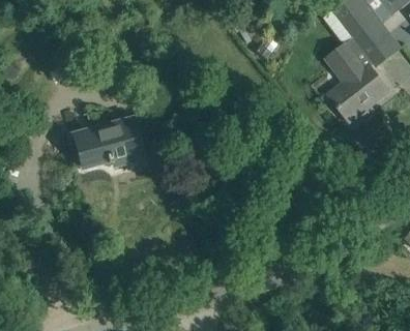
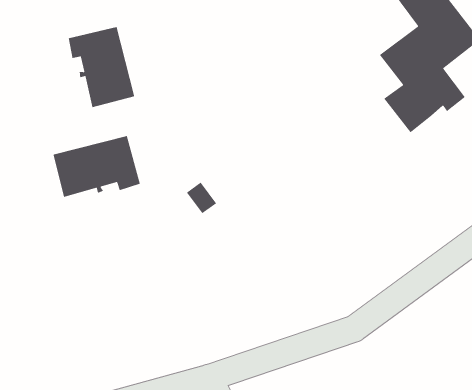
building: none -> [68,26,135,108]

